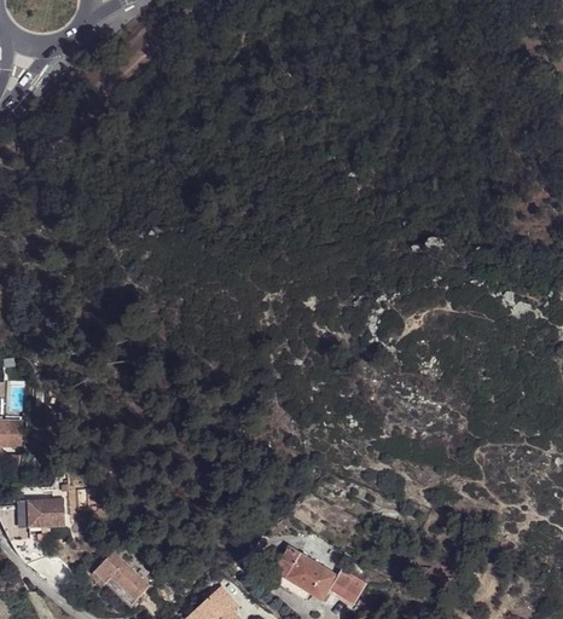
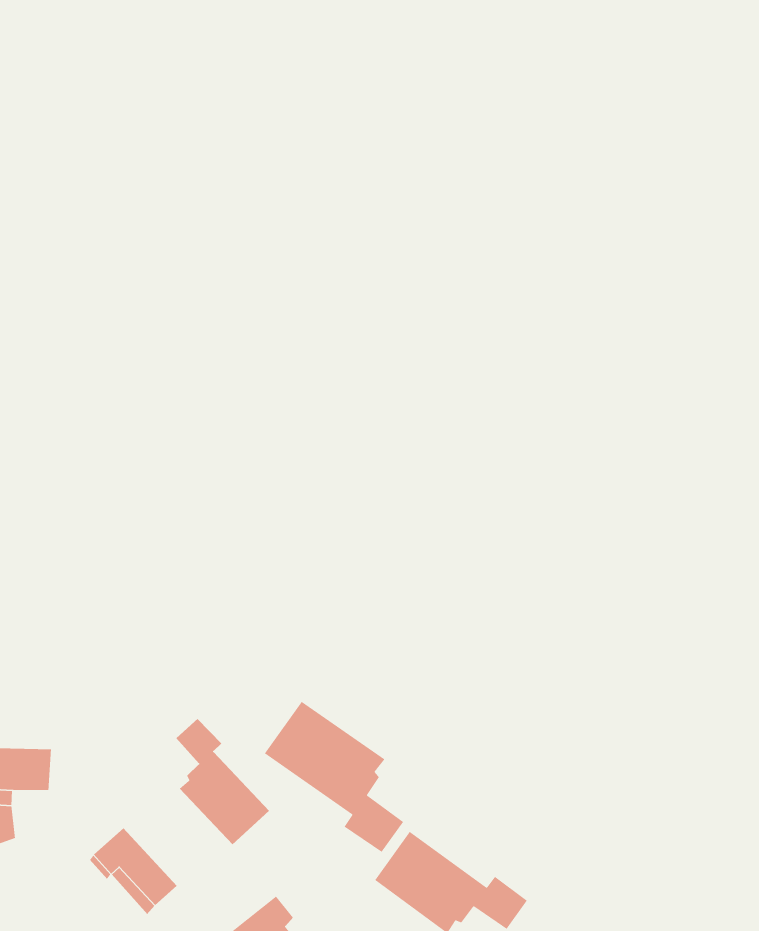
building: none -> [264,701,404,853]
building: none -> [175,718,270,845]

